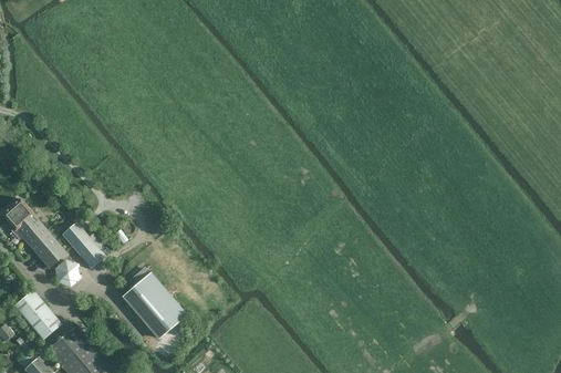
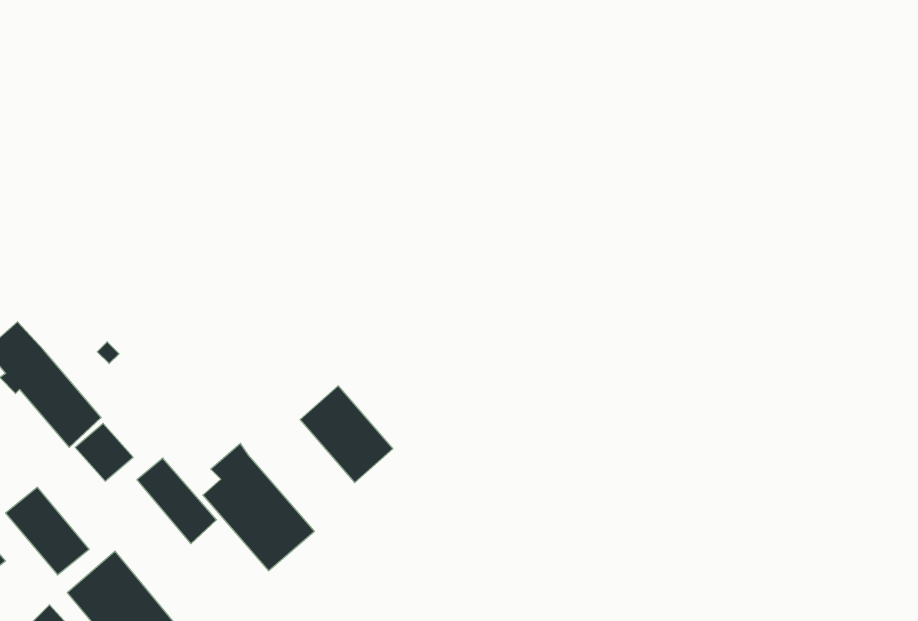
building: [61,221,105,269] -> [137,458,217,544]
building: none -> [300,386,393,483]

